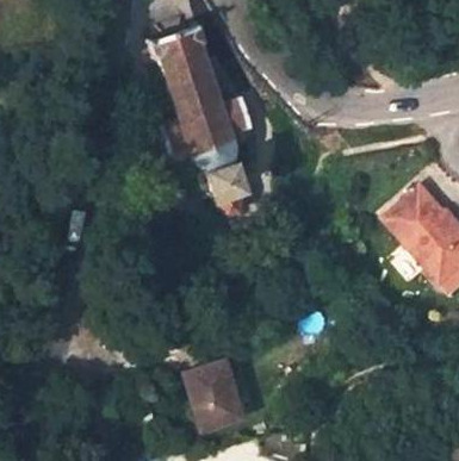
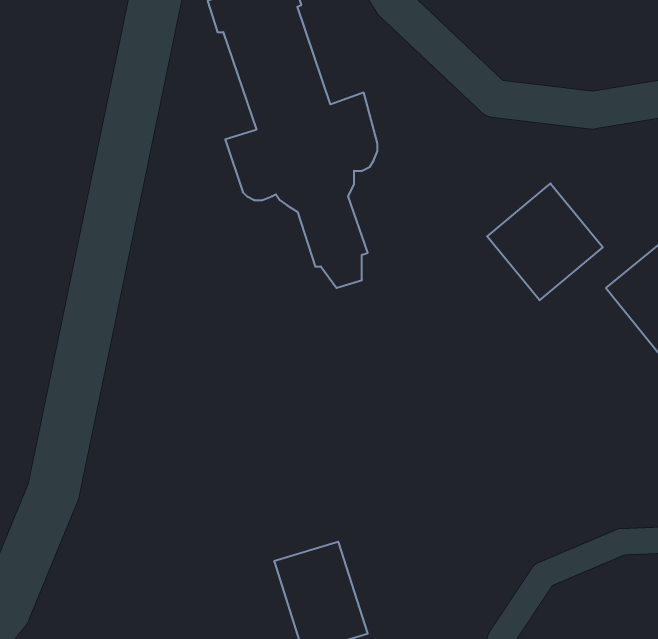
building: none -> [487,183,603,300]

